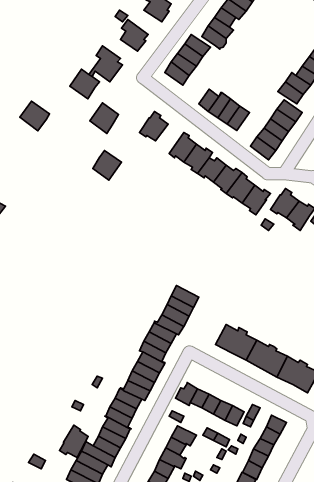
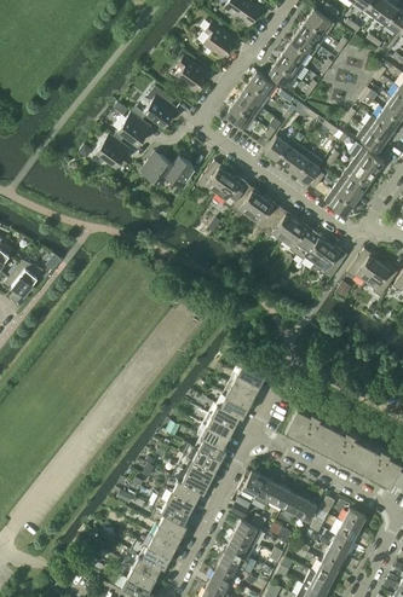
building: [20,101,50,131] -> [97,134,131,168]
building: none -> [217,175,249,209]
building: [93,151,121,180] -> [167,156,200,190]
building: [59,425,88,458] -> none

